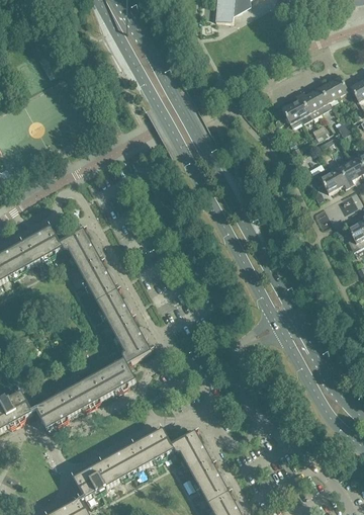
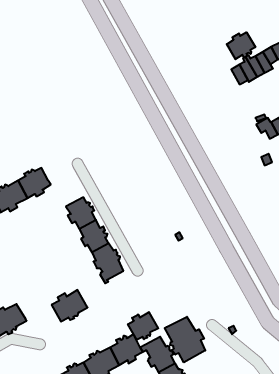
building: none -> [227,32,255,59]
building: [60,229,102,273] -> none
building: [95,356,135,396] -> none
building: [35,393,75,429] -> none
building: none -> [128,312,158,340]
building: none -> [165,317,205,362]

